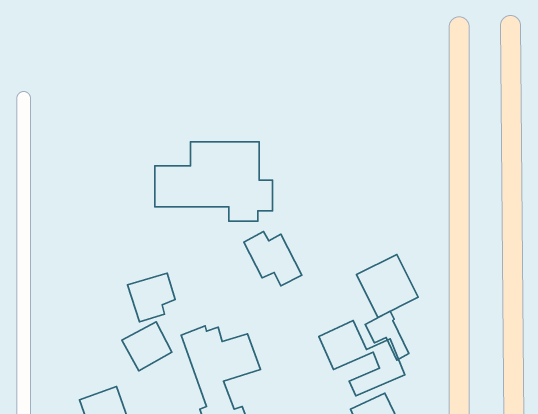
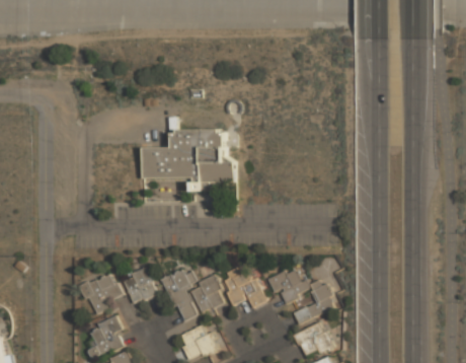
building: [244,231,302,286] -> [221,268,265,309]
building: [357,254,418,317] -> none
building: [128,273,175,322] -> [82,275,119,312]

